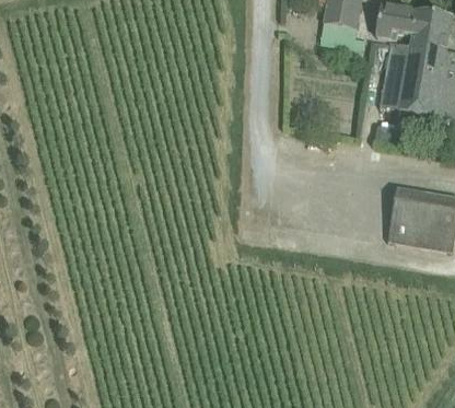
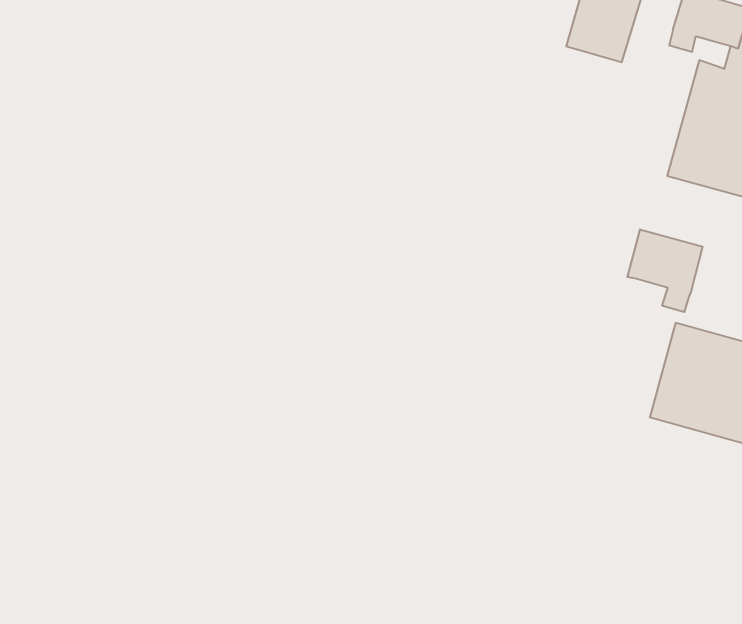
building: none -> [627,229,703,312]

